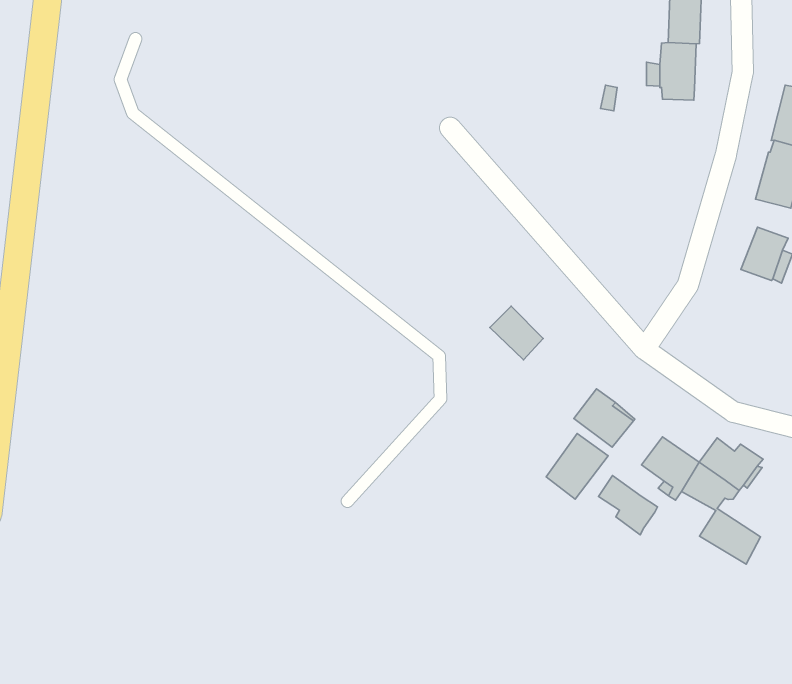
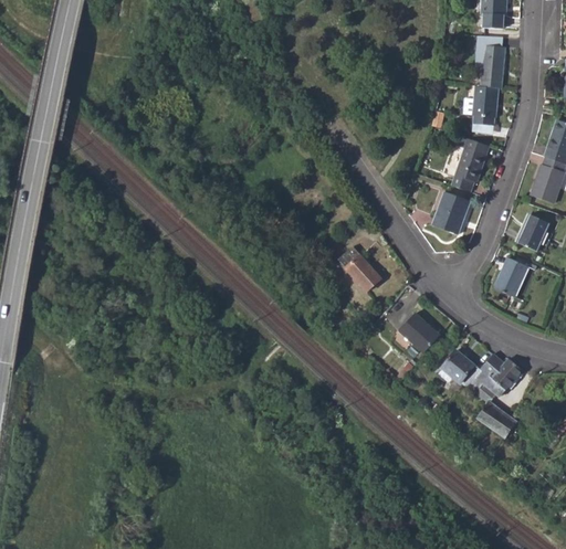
building: none -> [448,133,490,191]
building: none -> [432,191,470,233]
building: none -> [494,256,527,296]
building: [546,433,608,499] -> none
building: [599,476,658,535] -> none

